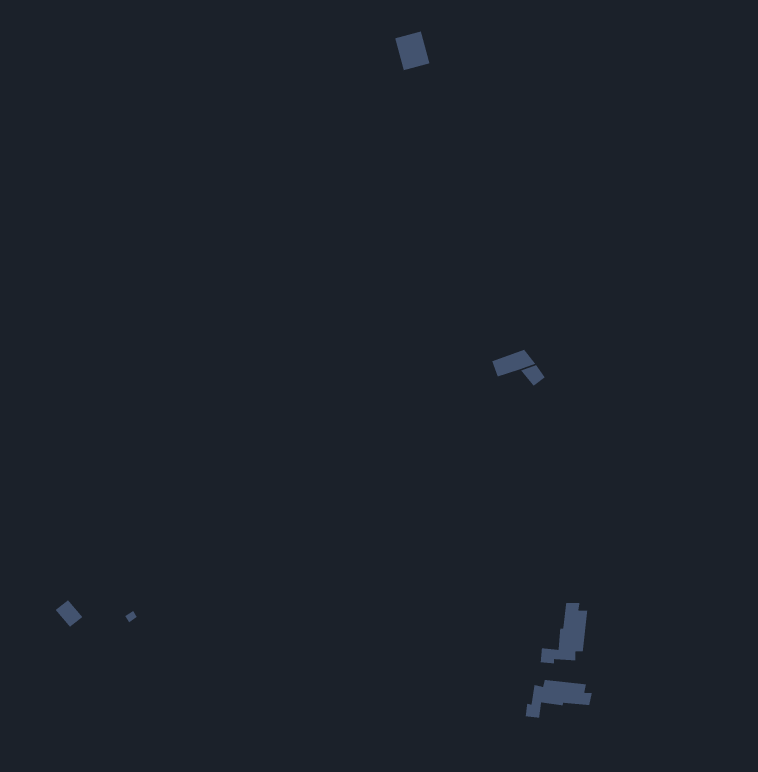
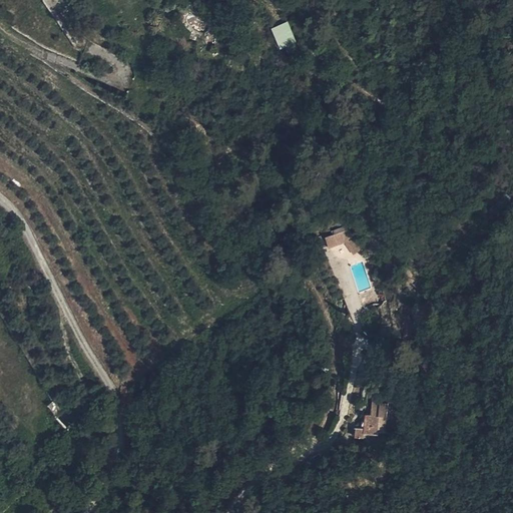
building: [525,679,593,719] -> none

